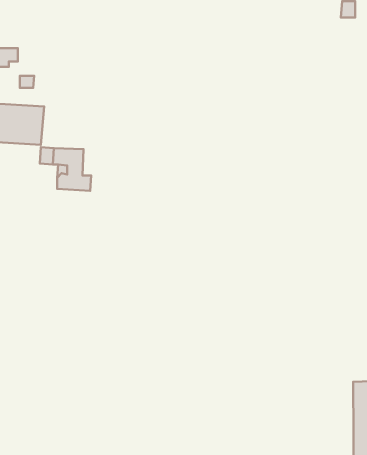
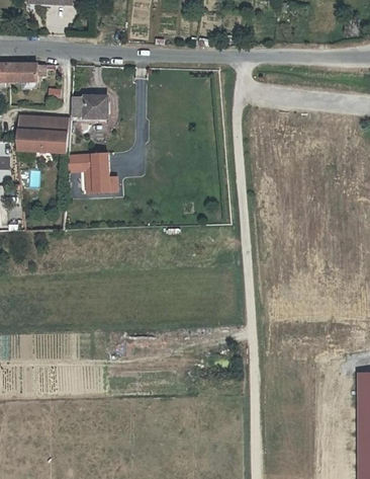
building: none -> [71,96,108,119]

